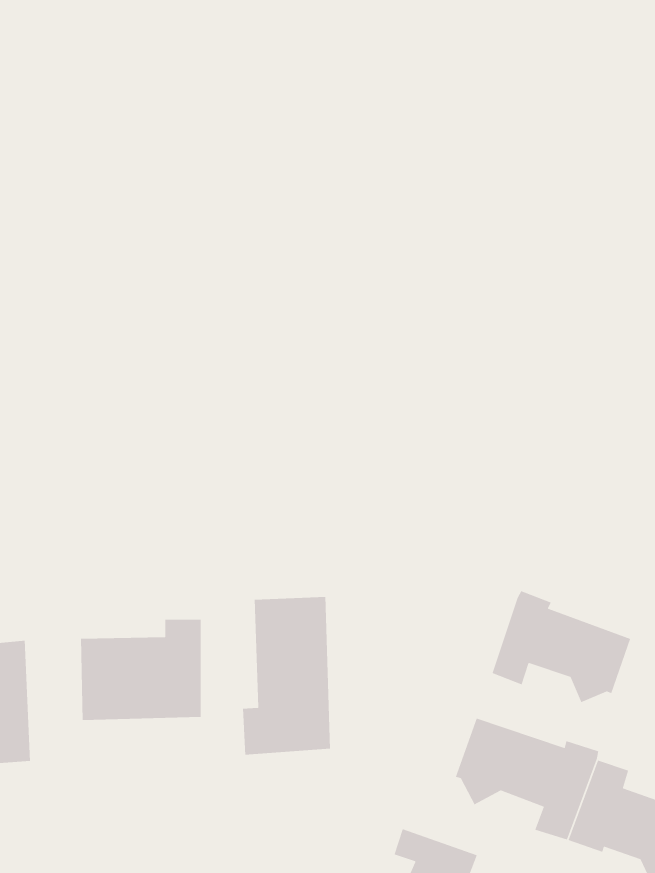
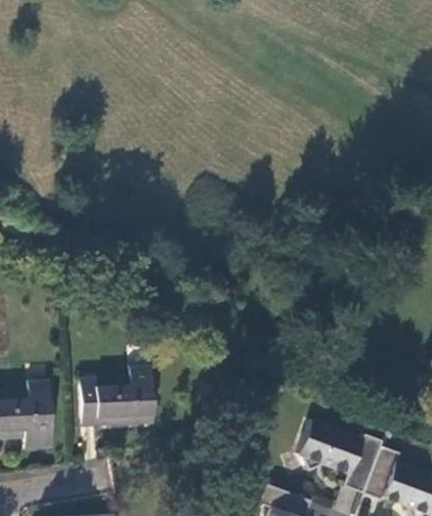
building: [491,590,631,703] -> none
building: [242,596,331,755] -> none

